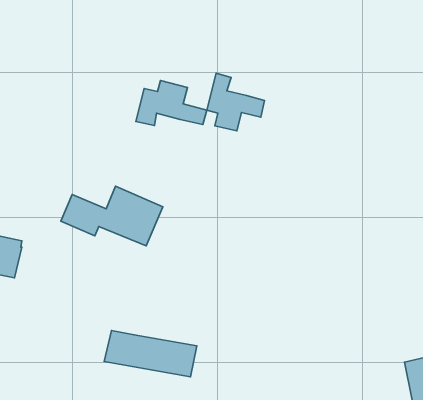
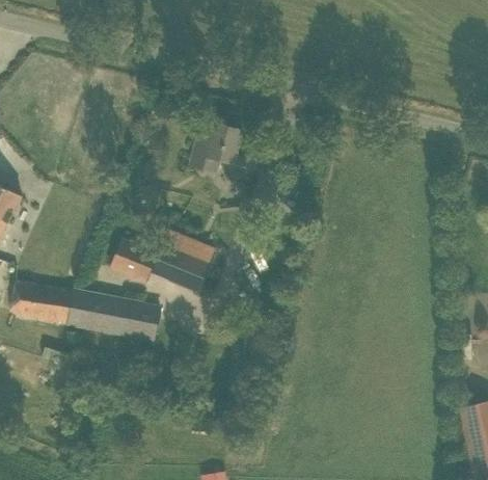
building: [207,73,265,131] -> none
building: [104,331,197,377] -> [66,292,160,339]

